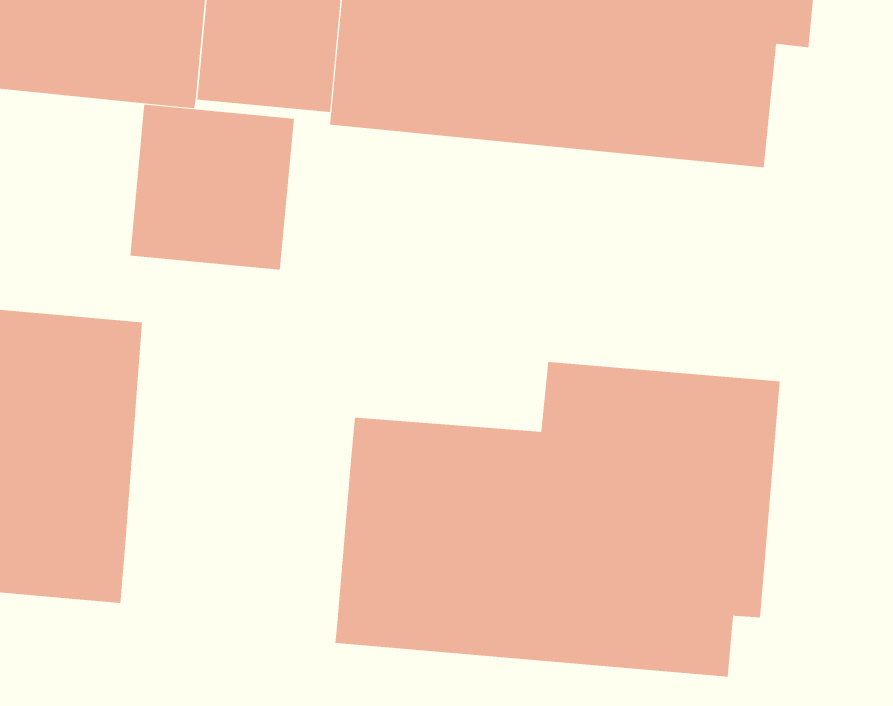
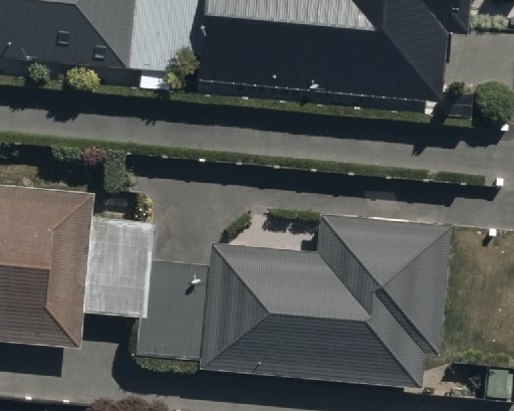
building: [130,104,295,270] -> none
building: none -> [81,217,207,361]

